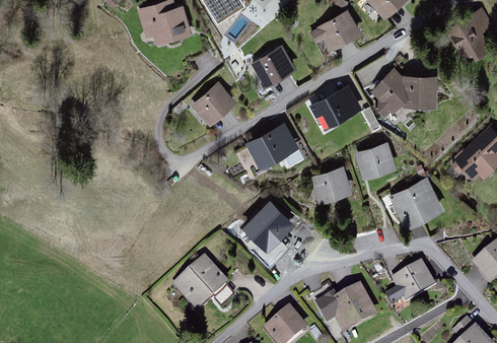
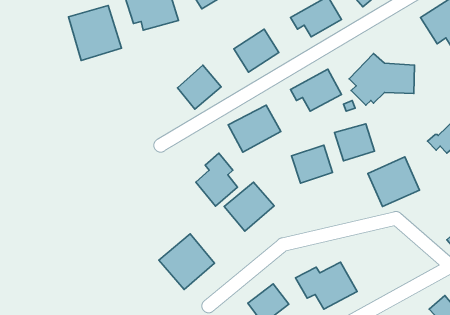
building: none -> [69,6,122,60]
building: none -> [196,153,238,206]
building: [386,262,436,305] -> none

